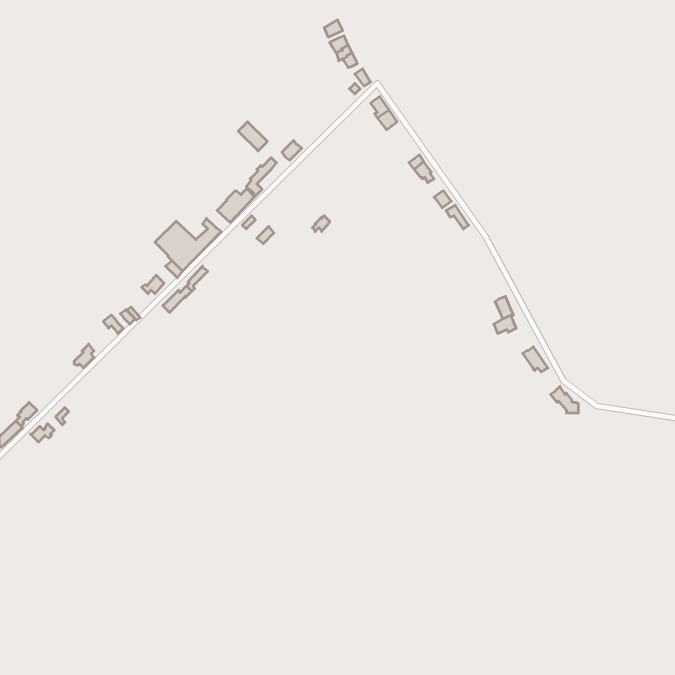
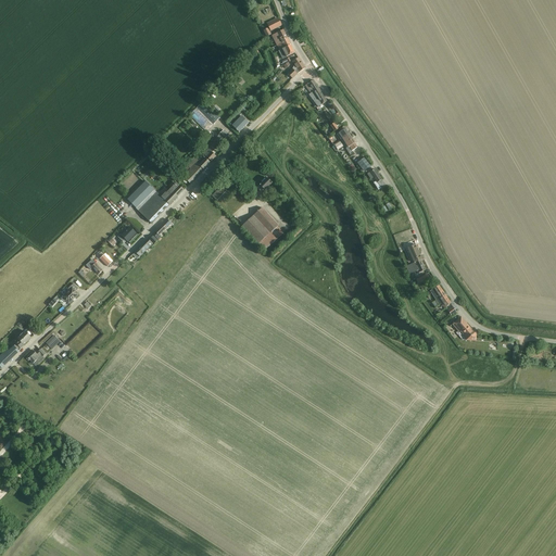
building: none -> [240,206,282,250]

